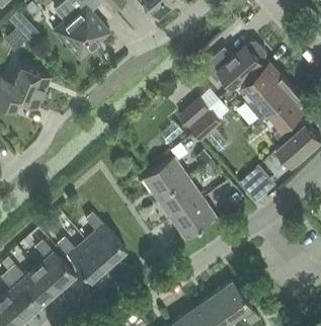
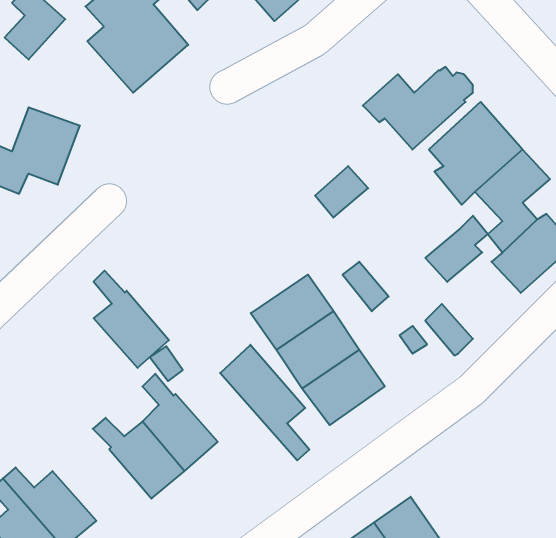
building: [188,104,223,141] -> [425,216,488,282]
building: none -> [220,345,309,460]
building: [33,241,75,295] -> [94,271,169,368]

